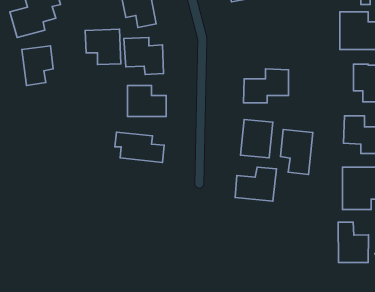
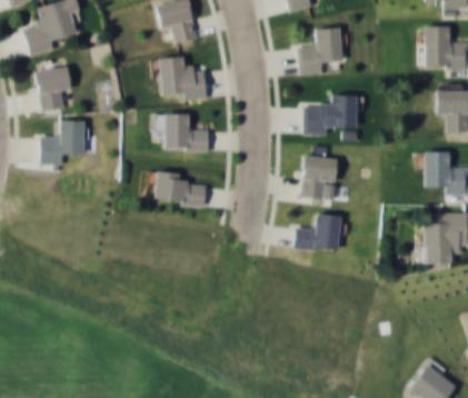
building: none -> [297,27,343,74]
building: [85,29,121,65] -> none
building: none -> [40,120,86,165]
building: [281,129,313,175] -> none
building: [338,222,368,262] -> none

